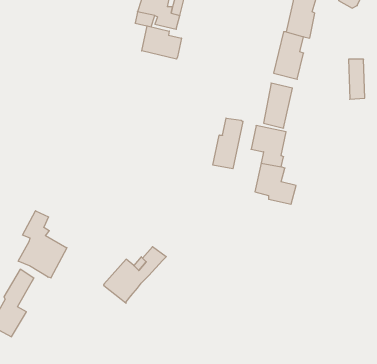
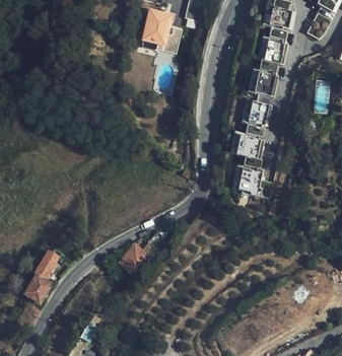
building: [142,26,181,59] -> none
building: [213,118,243,169] -> none
building: [18,211,67,278] -> none

